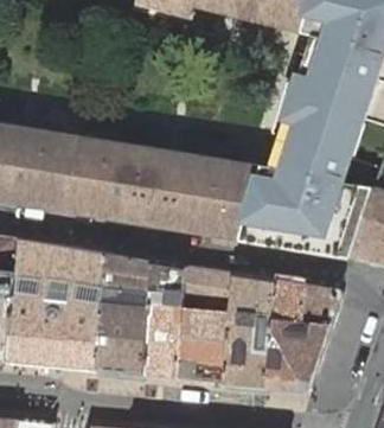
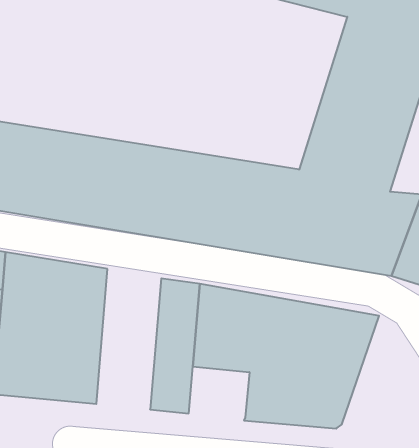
building: [96,253,152,373] -> none
building: [175,337,228,381] -> none

